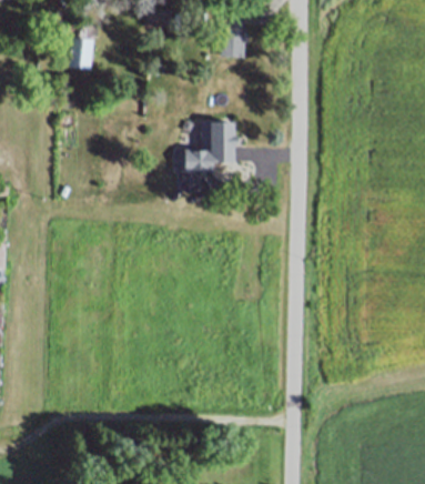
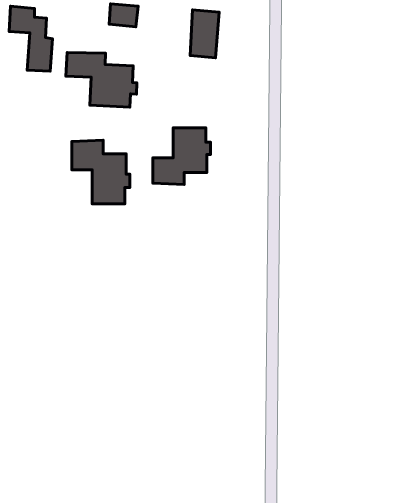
building: none -> [66,53,137,107]
building: none -> [72,140,130,204]

